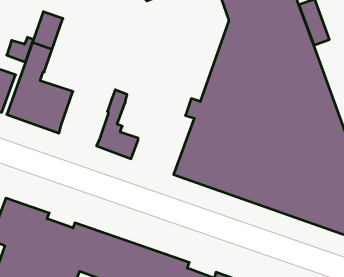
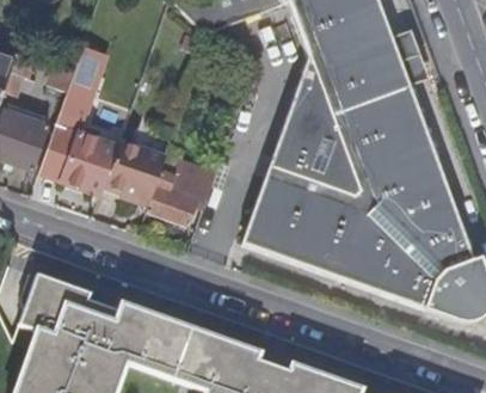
building: none -> [104,139,165,203]
building: none -> [172,159,217,207]

